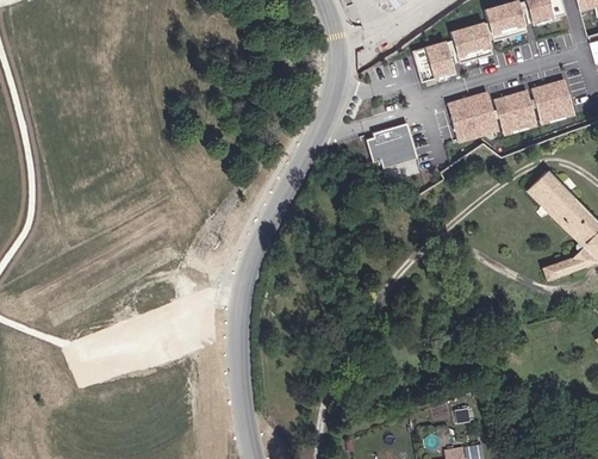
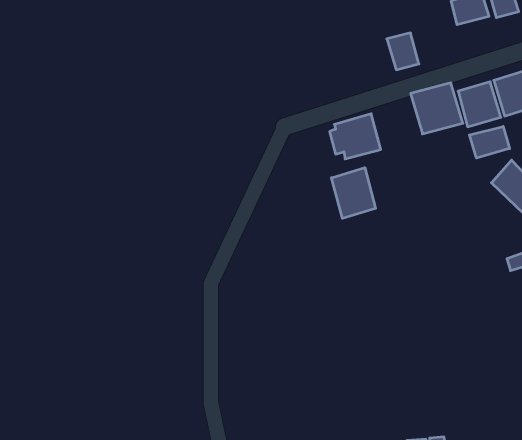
building: [451,23,491,56] -> none
building: none -> [469,126,510,158]
building: none -> [331,168,376,218]

